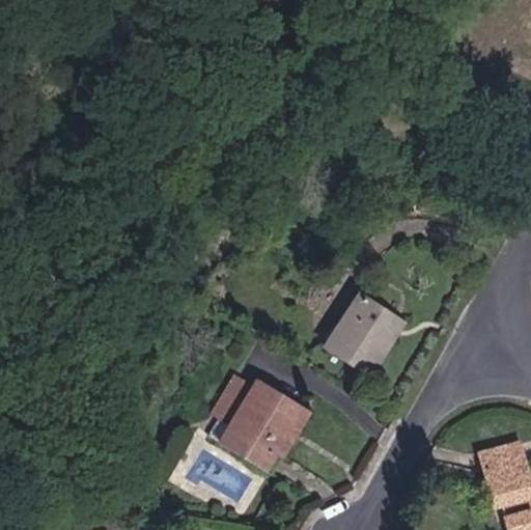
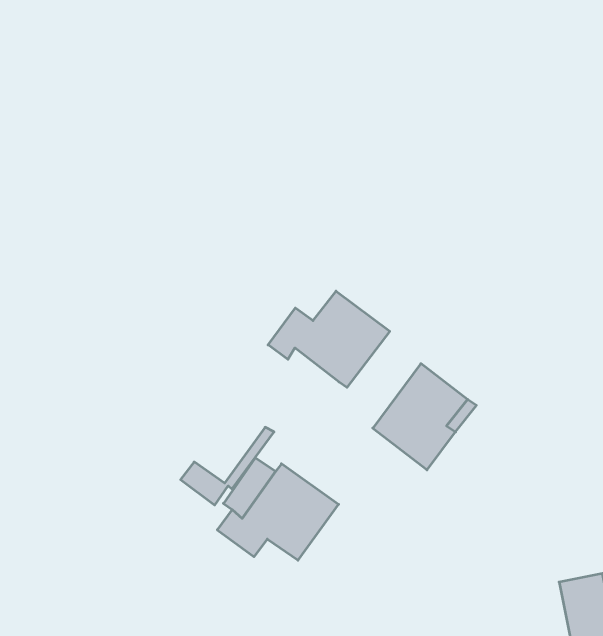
building: none -> [268,291,390,387]
building: [242,407,311,470] -> [181,427,274,505]

